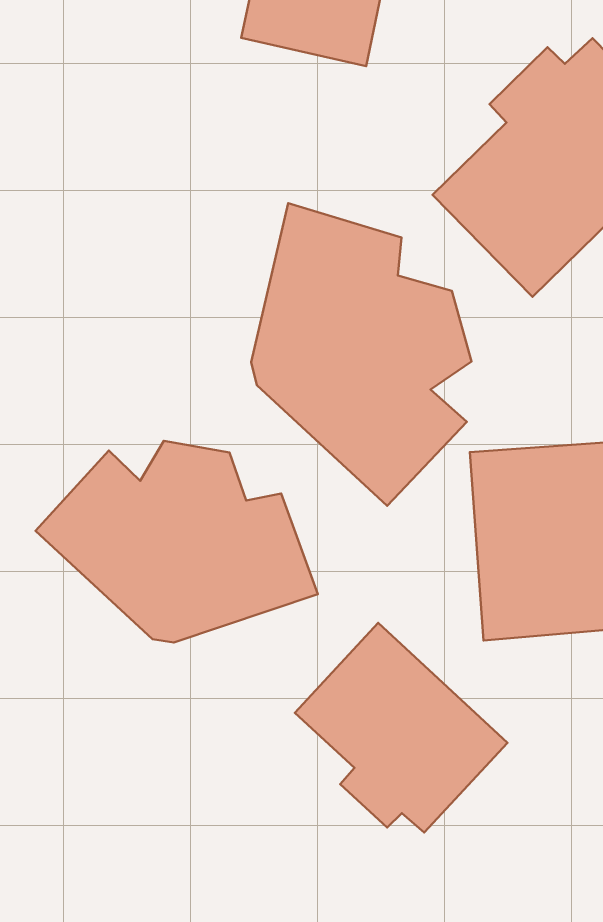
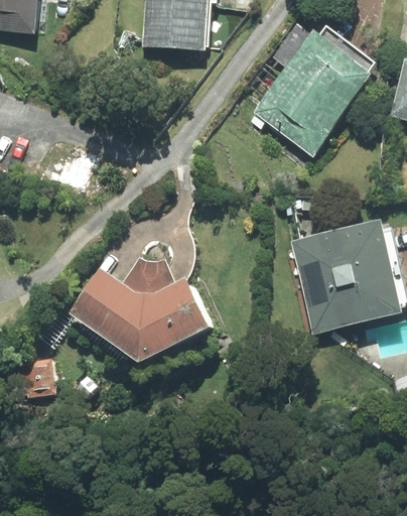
building: [251,203,471,506] -> none
building: [295,623,507,833] -> none

